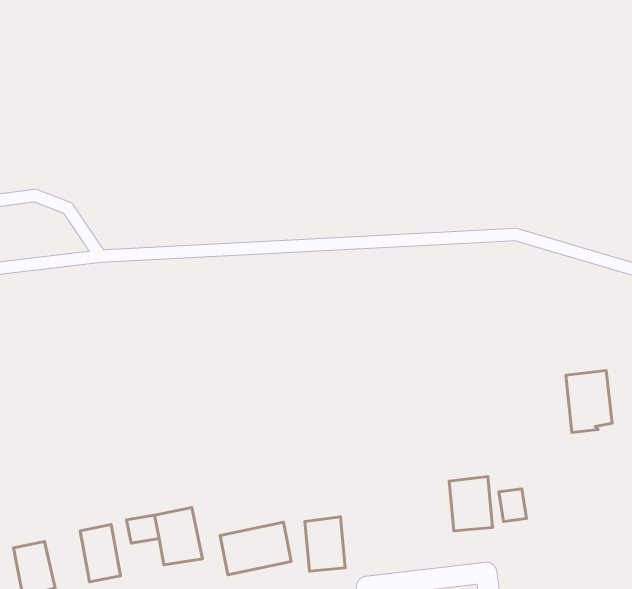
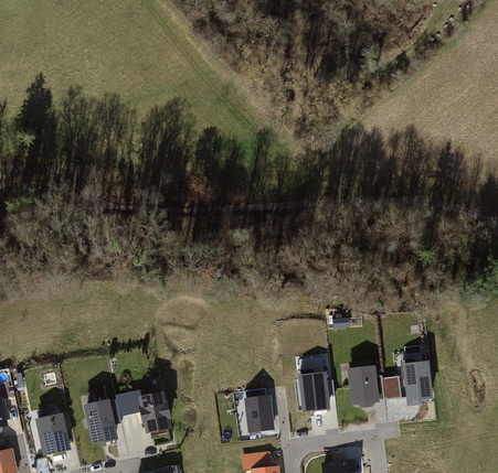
building: [566,371,612,433] -> [401,363,434,407]
building: none -> [295,368,329,410]
building: [220,522,291,575] -> none

